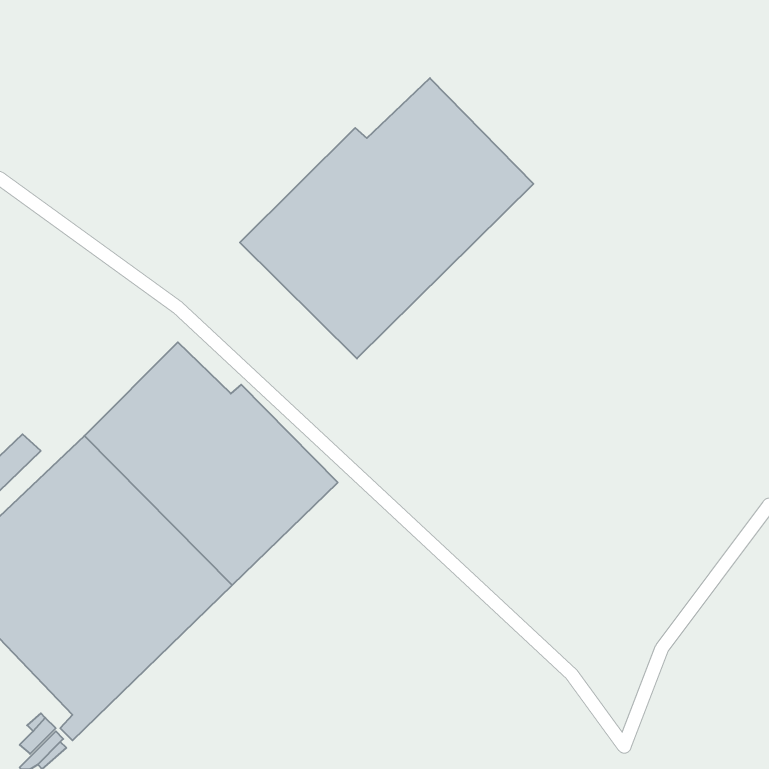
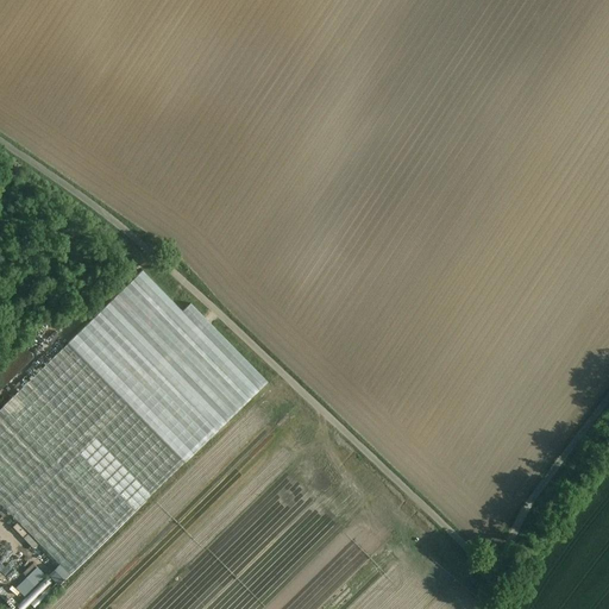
building: [240,78,533,359] -> none

